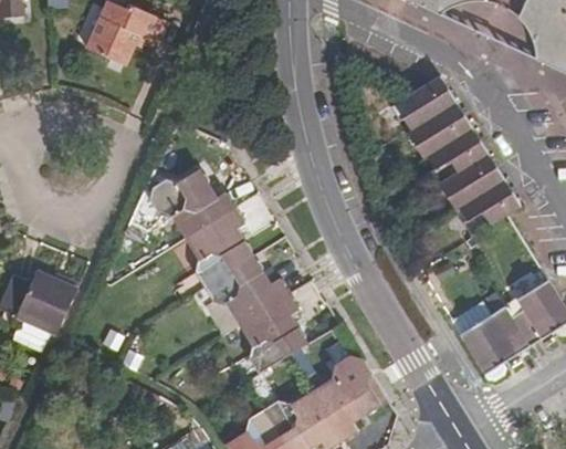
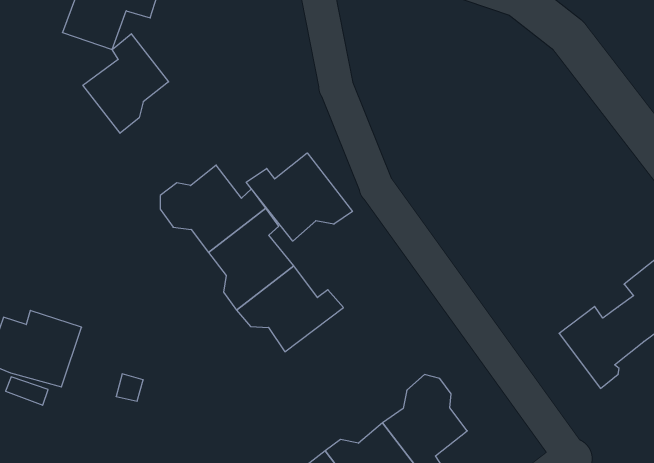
building: none -> [83,34,169,133]
building: [391,73,522,234] -> none
building: none -> [246,153,352,241]
building: [239,293,306,373] -> none

